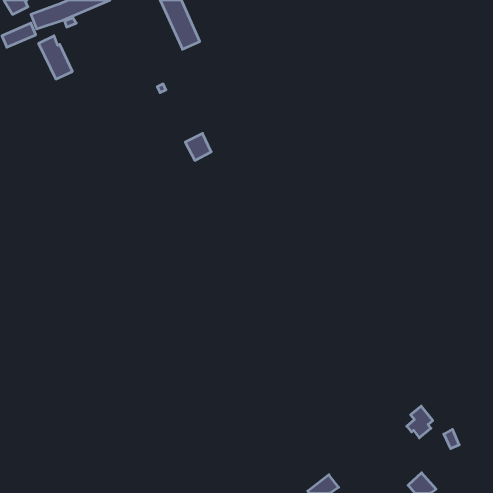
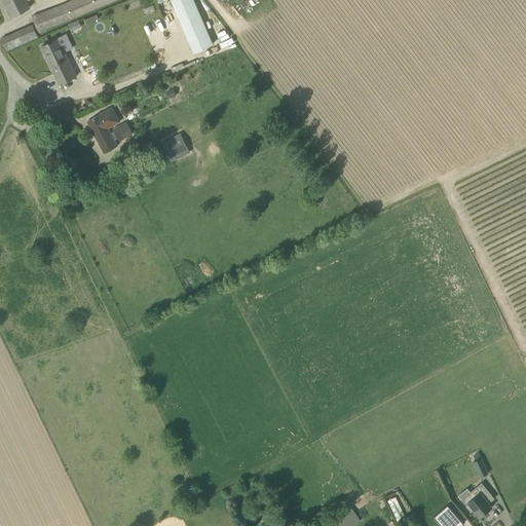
building: none -> [87,106,133,153]
building: [185,133,211,160] -> [162,133,190,161]
building: [407,406,433,438] -> [466,483,494,517]

